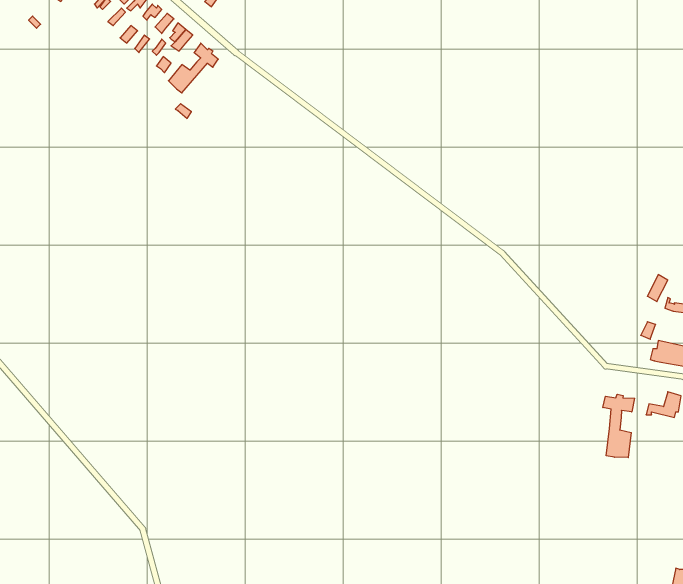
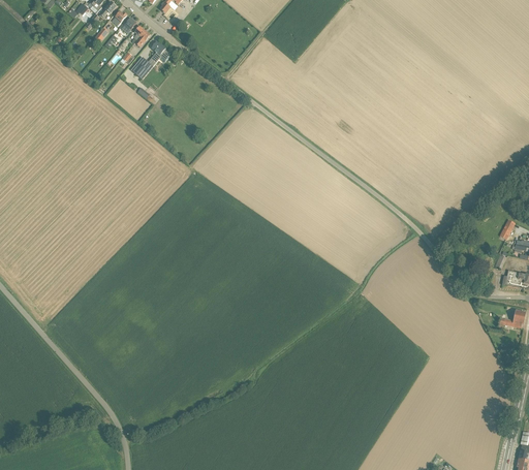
building: [603,394,635,458] -> none

